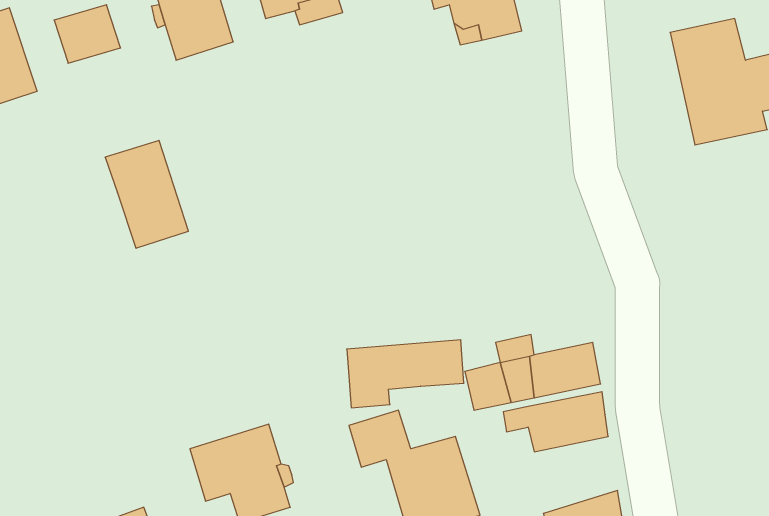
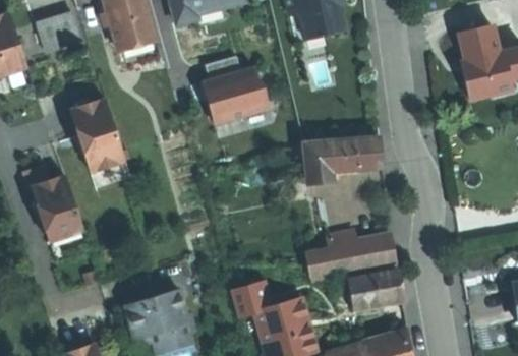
building: none -> [191,63,263,127]
building: none -> [32,176,84,241]
building: [347,340,464,408] -> [304,135,382,180]

